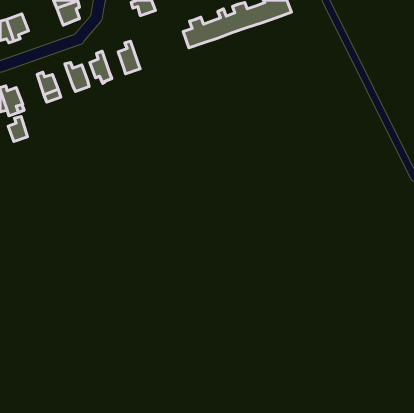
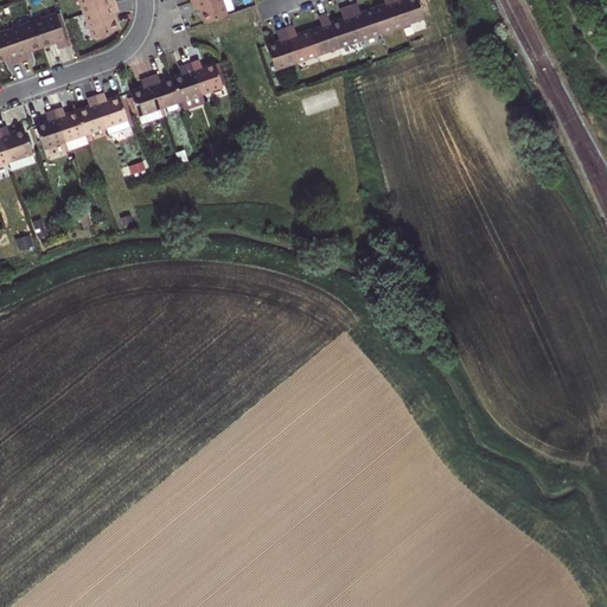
building: none -> [32,13,68,47]
building: none -> [191,58,223,92]
building: none -> [149,74,181,108]
building: none -> [77,95,106,132]
building: [8,117,28,142] -> [36,110,64,147]

